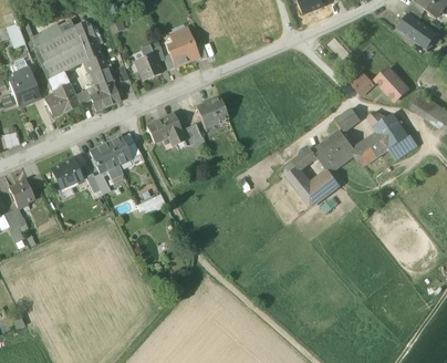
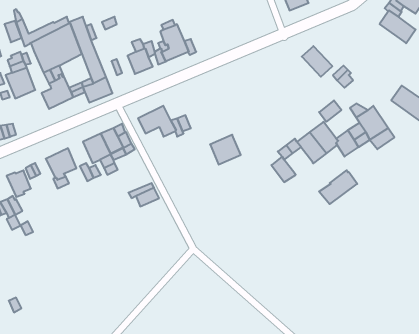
building: [375,68,407,100] -> [302,46,332,77]
building: [196,96,228,127] -> [210,135,241,165]
building: [299,170,339,206] -> [319,170,357,204]

